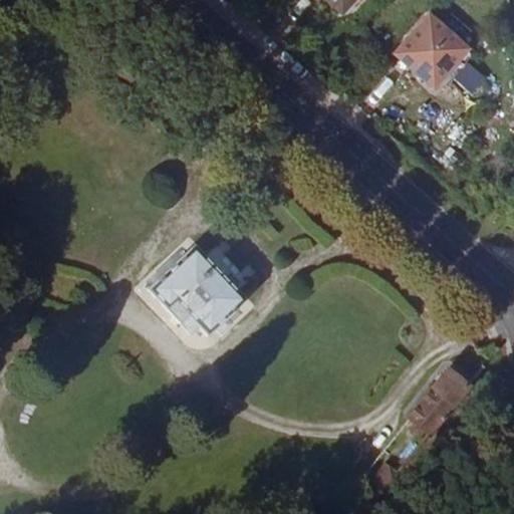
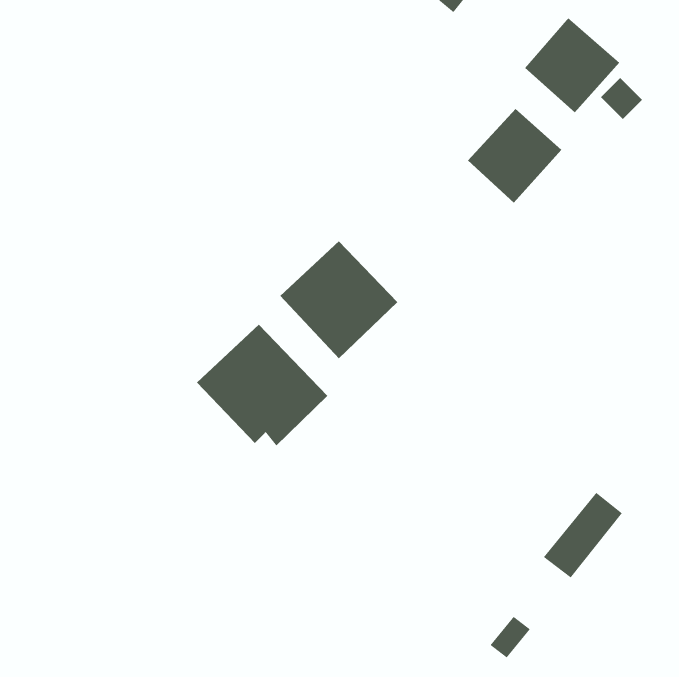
building: none -> [467,108,562,204]
building: none -> [279,241,398,359]

